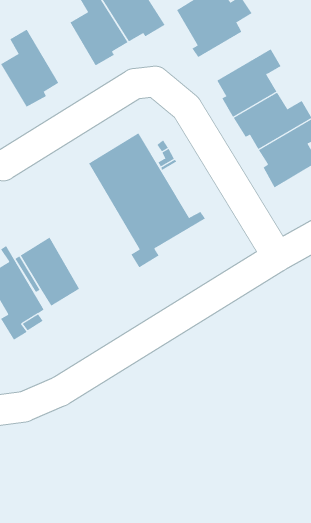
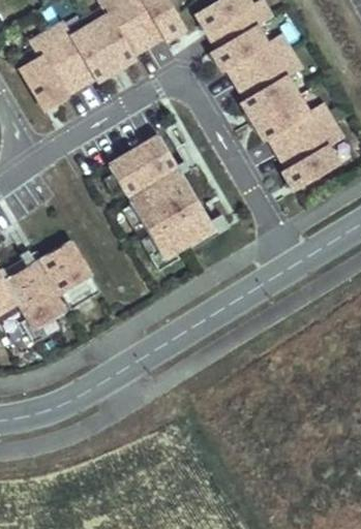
building: none -> [46,21,114,85]
building: none -> [216,33,290,83]

